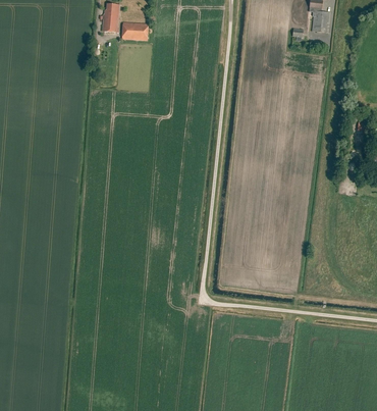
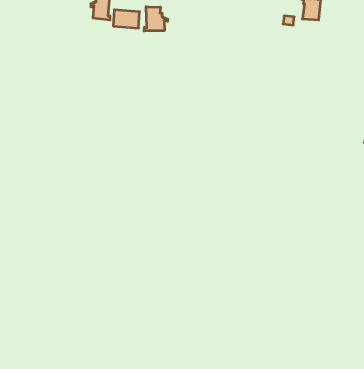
building: none -> [144,7,168,31]

